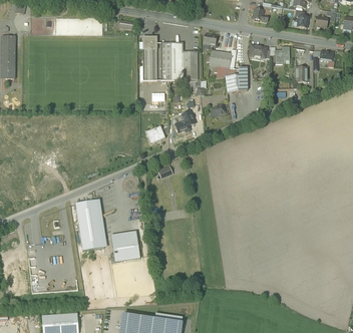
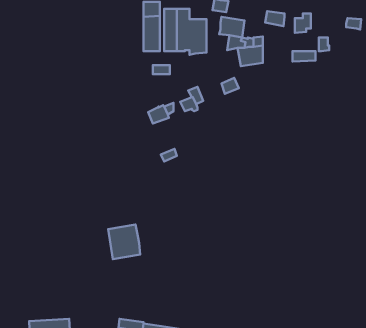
building: [75,199,106,250] -> none

